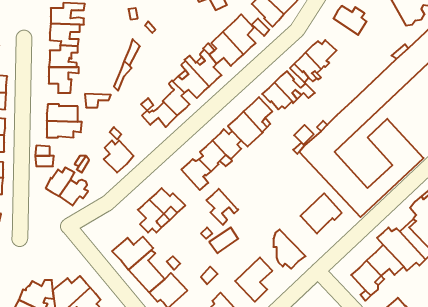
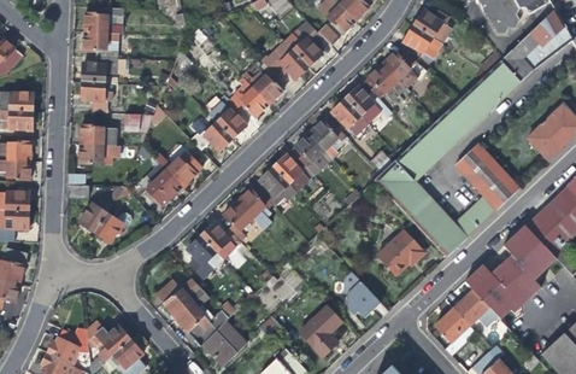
building: none -> [404,24,443,58]
building: none -> [165,150,202,185]
building: [206,189,238,225] -> [223,200,260,242]

